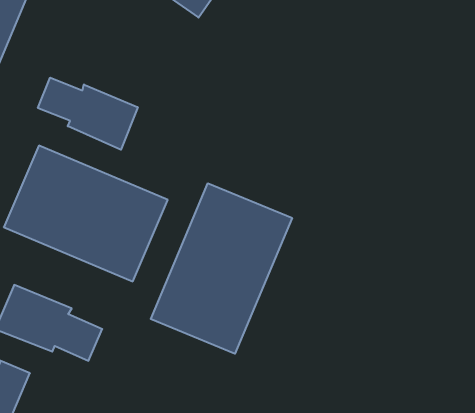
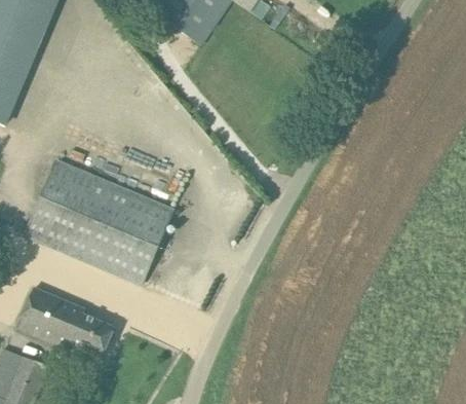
building: [38,78,138,150] -> none
building: [151,183,292,354] -> none

